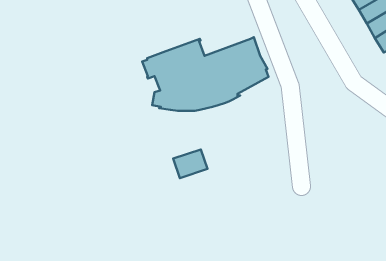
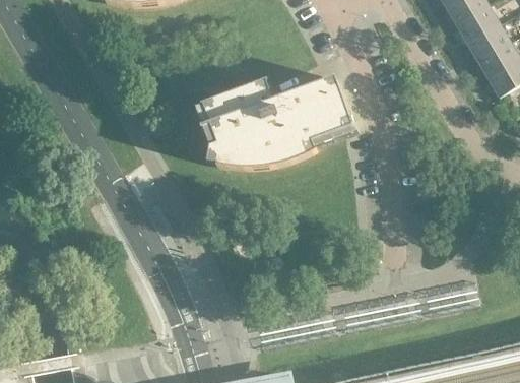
building: [173,149,207,178] -> none

